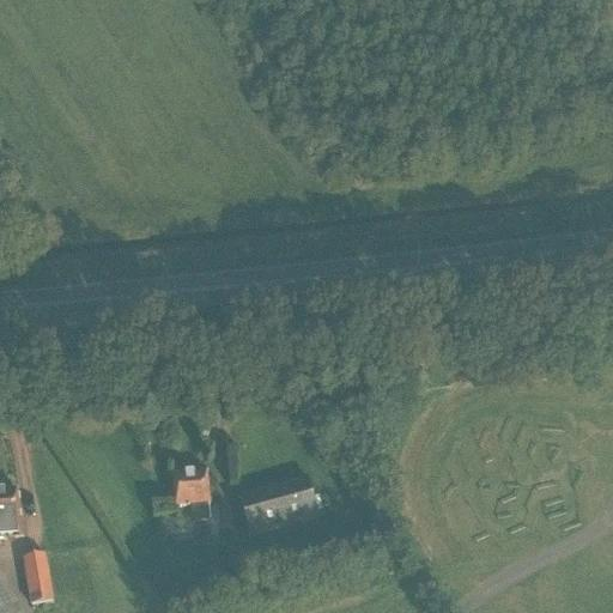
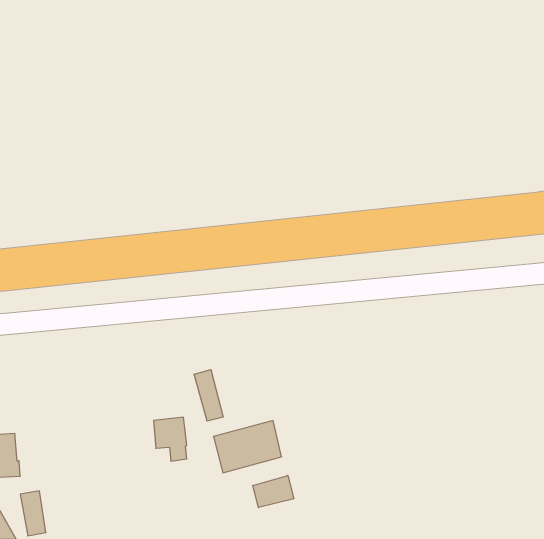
building: none -> [194,370,223,421]
building: none -> [253,475,294,508]

